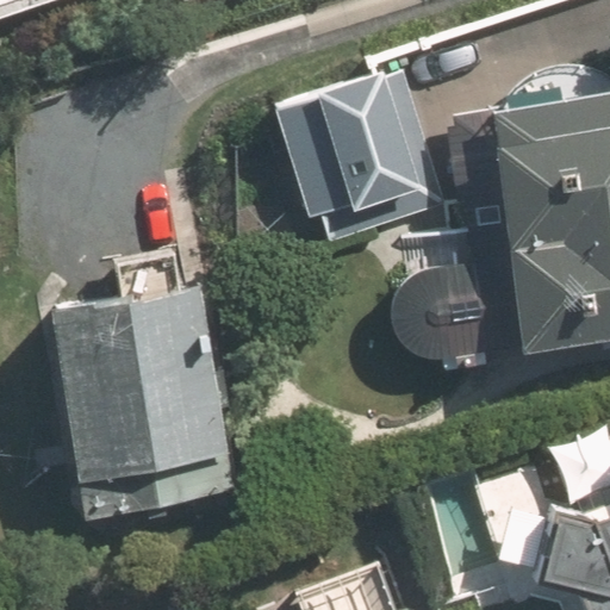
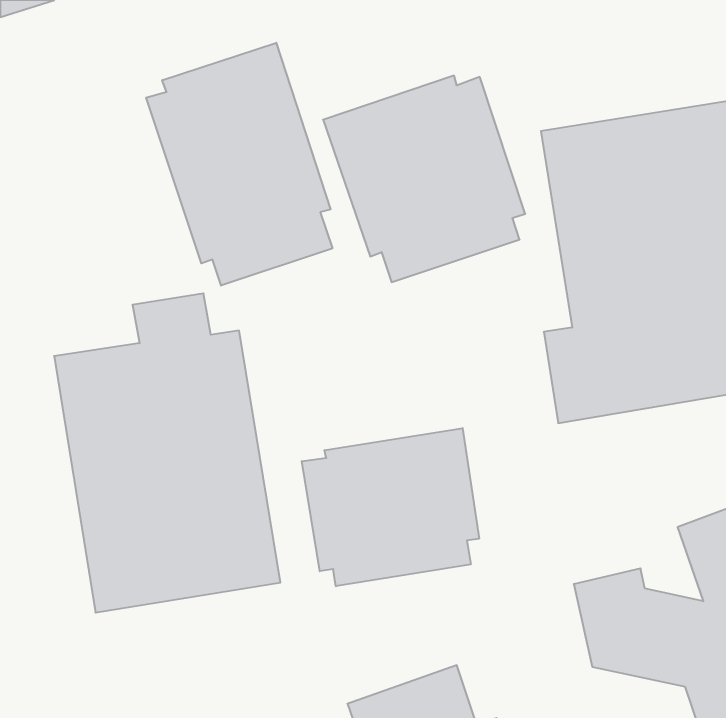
building: none -> [146,43,332,286]
building: none -> [302,428,479,586]

